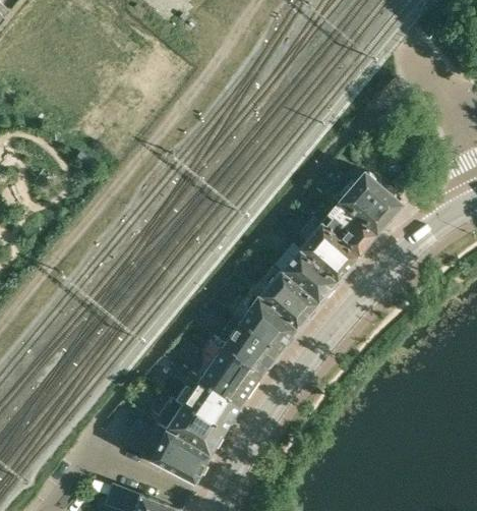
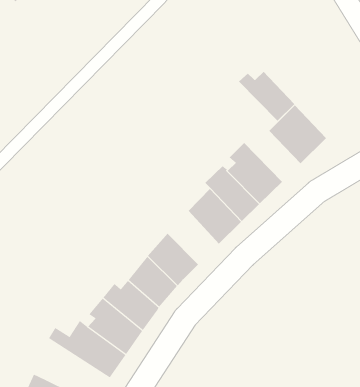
building: [313,202,376,254] -> [238,71,295,122]
building: [235,294,297,351] -> none

